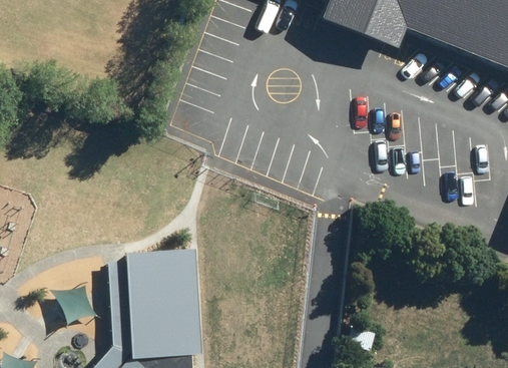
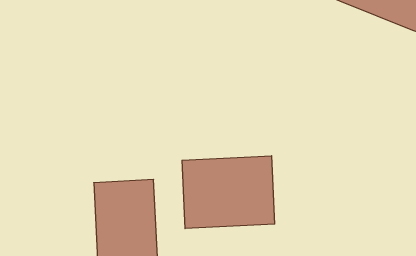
building: none -> [182,156,275,229]

